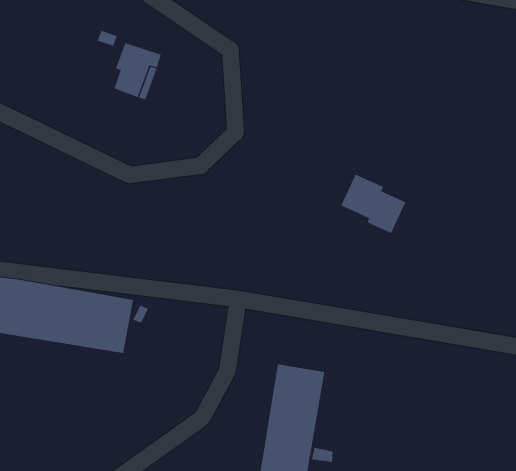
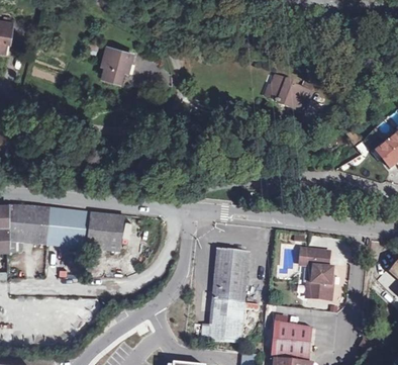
building: [341,174,406,234] -> [268,75,310,112]
building: none -> [300,251,333,300]

